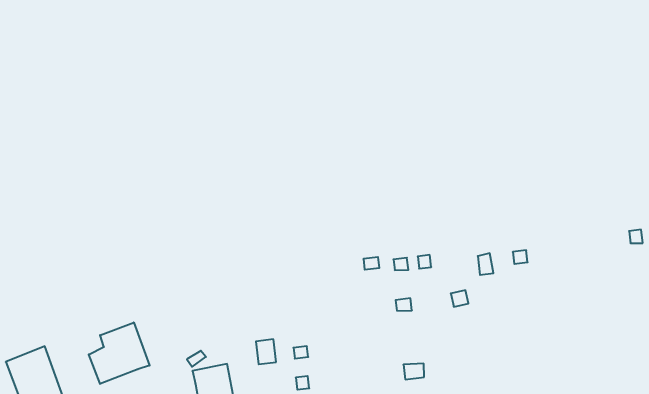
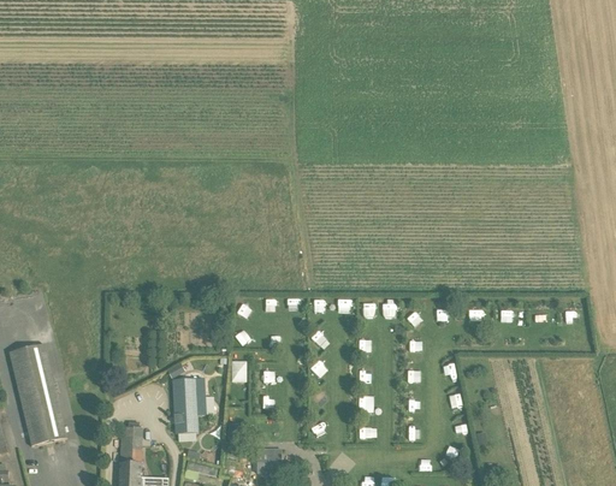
building: [89,322,150,384] -> none

